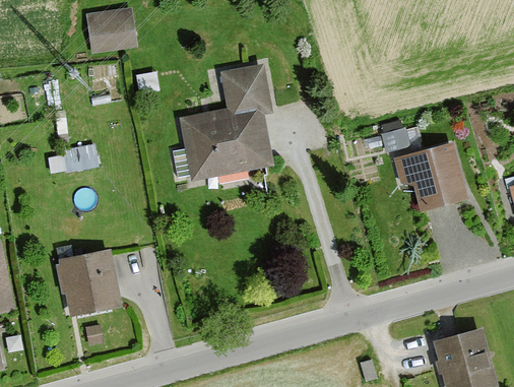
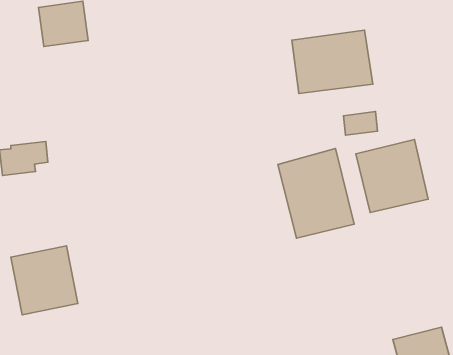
building: none -> [292,30,373,94]
building: [180,66,281,179] -> none
building: none -> [278,149,354,238]

